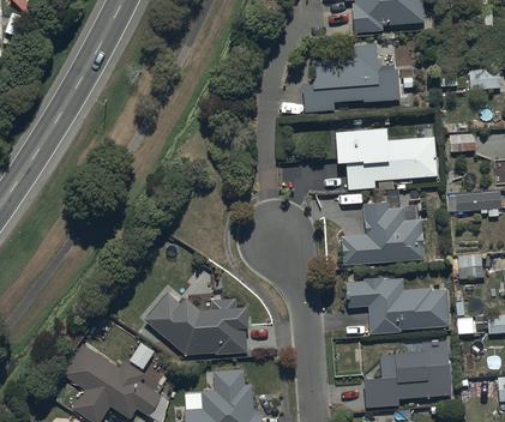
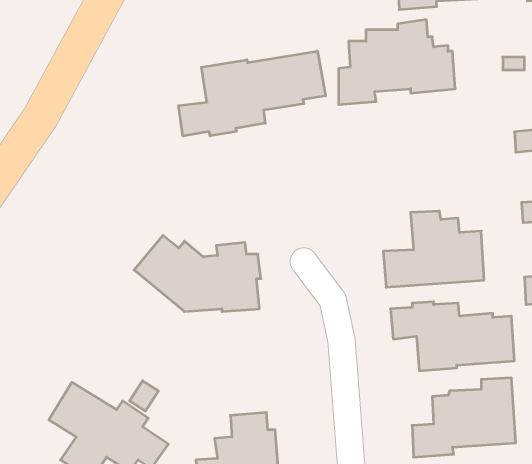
building: none -> [179,51,326,136]
building: [335,127,437,189] -> none
building: [143,291,248,355] -> [134,235,261,312]

